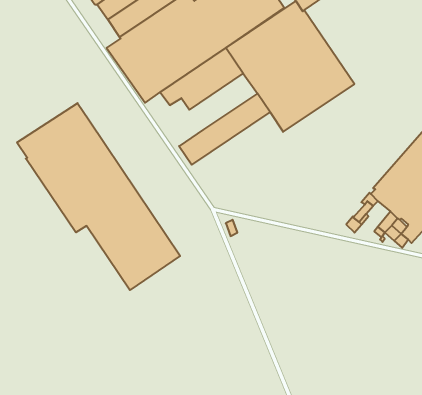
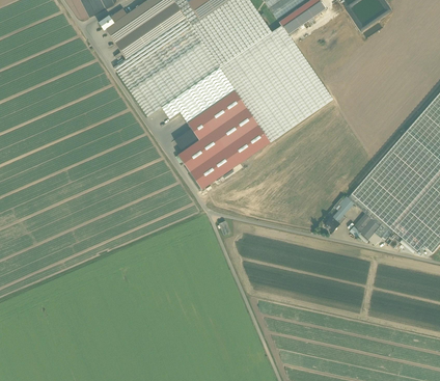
building: none -> [189,89,249,139]
building: [17,103,180,290] -> none
building: none -> [191,124,272,188]

